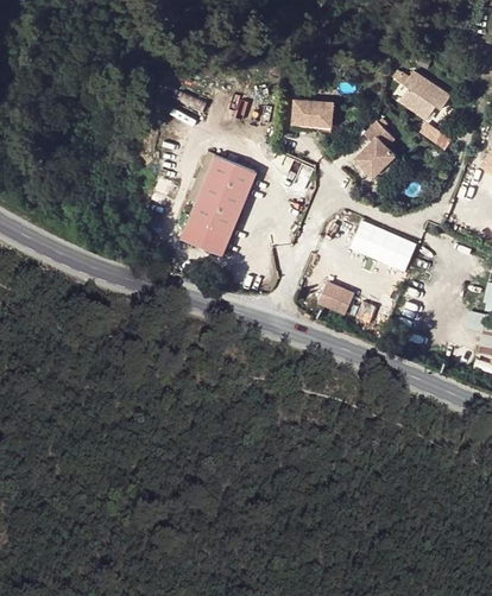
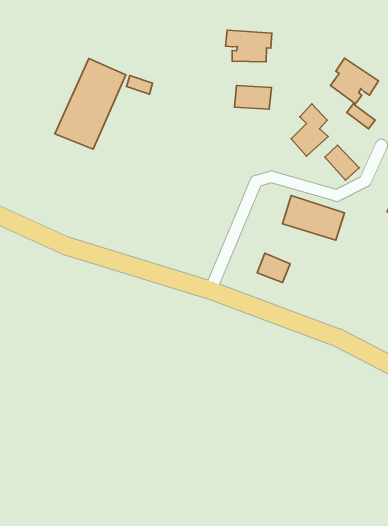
building: none -> [225,30,272,62]
building: [182,154,259,253] -> [55,59,126,149]
building: none -> [325,145,359,180]

